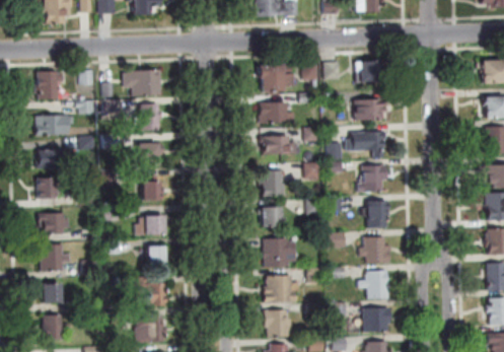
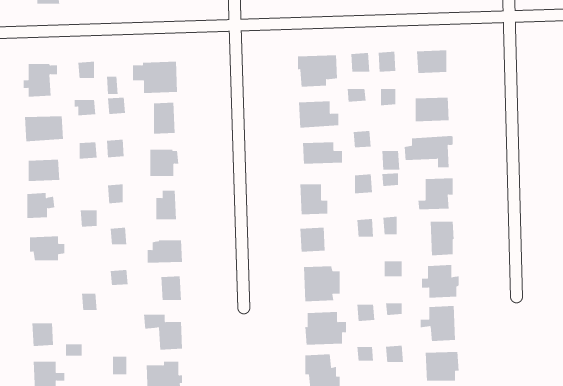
building: [40,243,69,272] -> none

